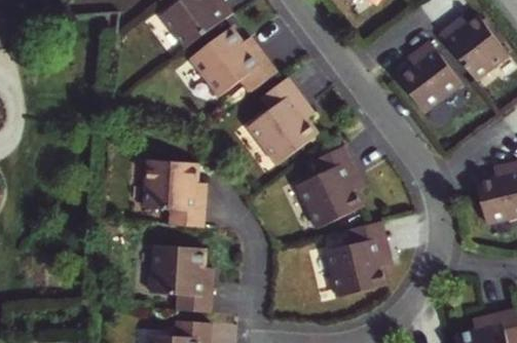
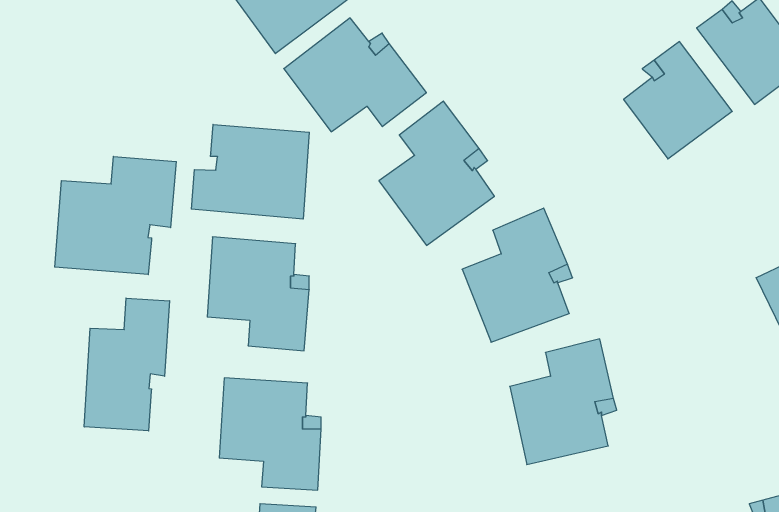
building: none -> [191,124,309,219]
building: none -> [55,156,176,275]
building: none -> [84,298,170,431]

